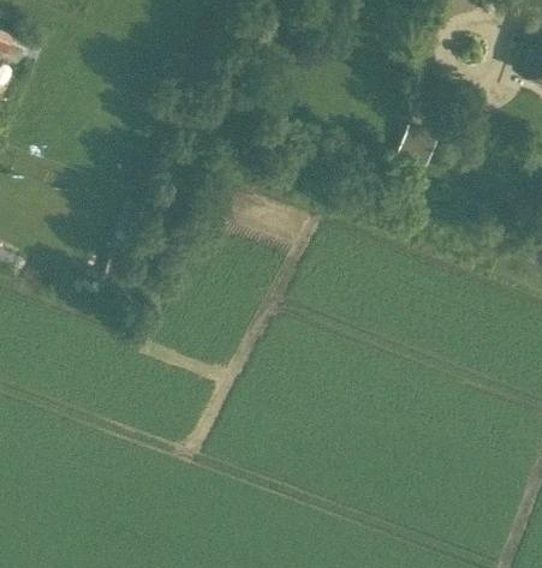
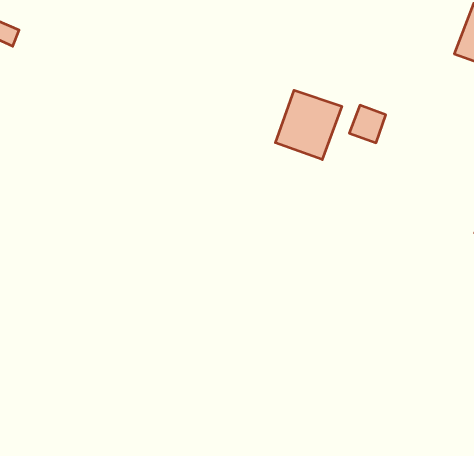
building: none -> [275,90,342,160]

